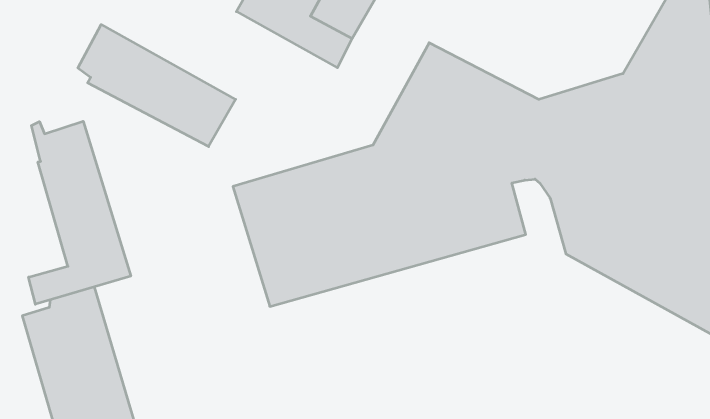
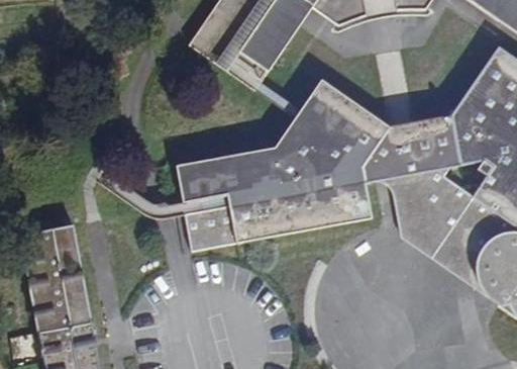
building: [78,25,236,147] -> none
building: [29,121,131,304] -> none

